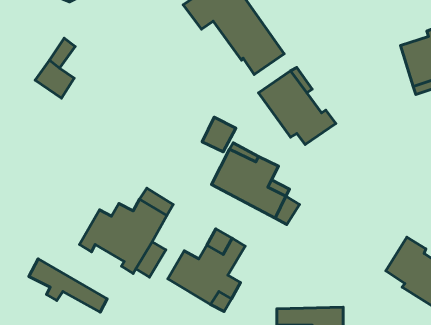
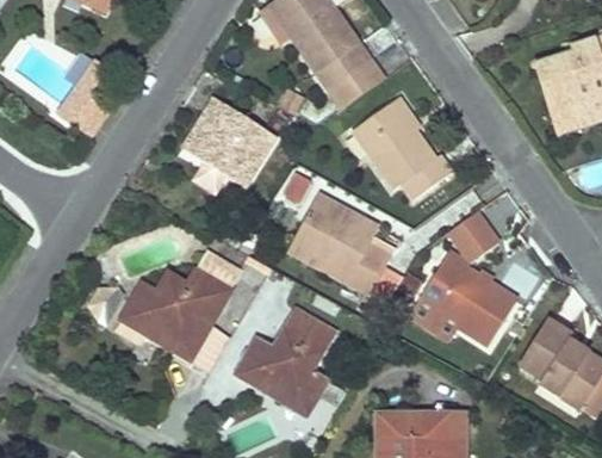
building: none -> [188,99,275,185]
building: none -> [449,211,498,262]
building: none -> [418,254,517,345]
building: [29,259,107,312] -> none

